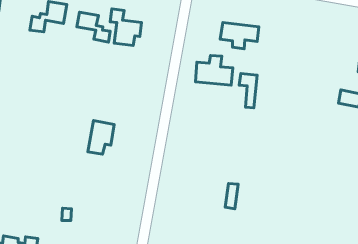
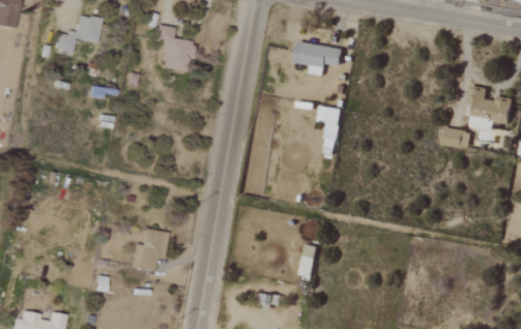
building: [77,12,110,42] -> none
building: [195,56,233,85] -> none
building: [88,121,114,154] -> [135,228,168,270]

